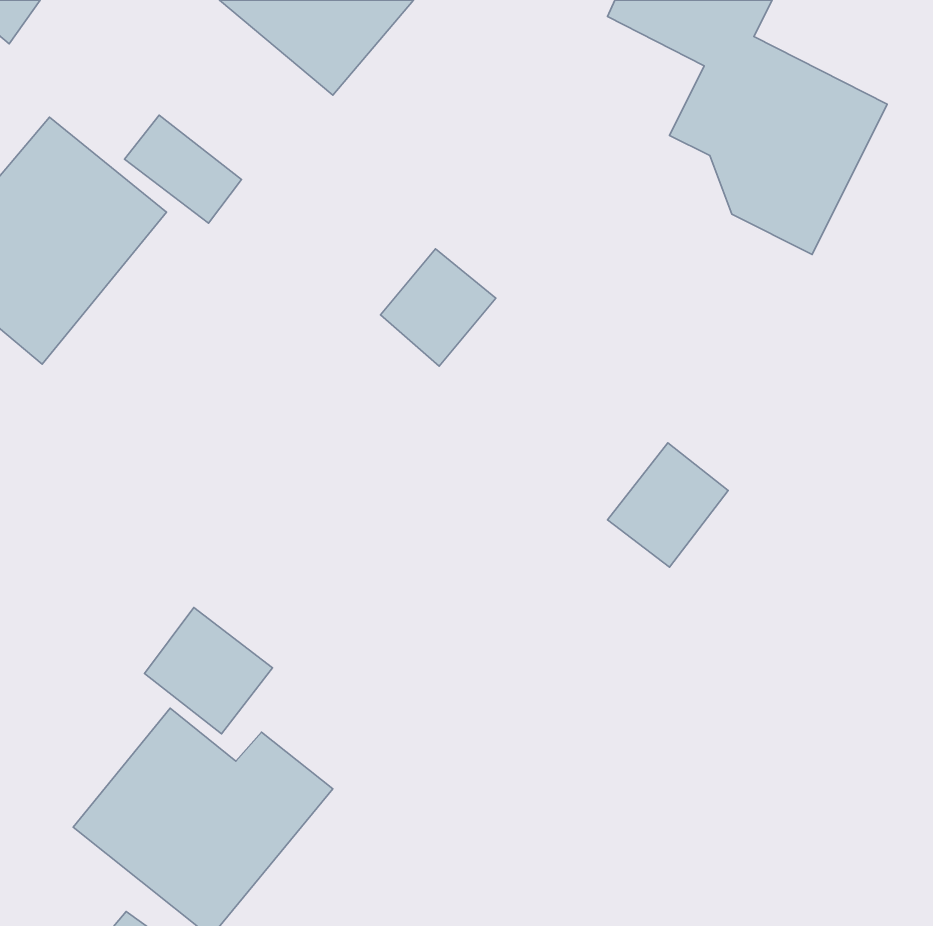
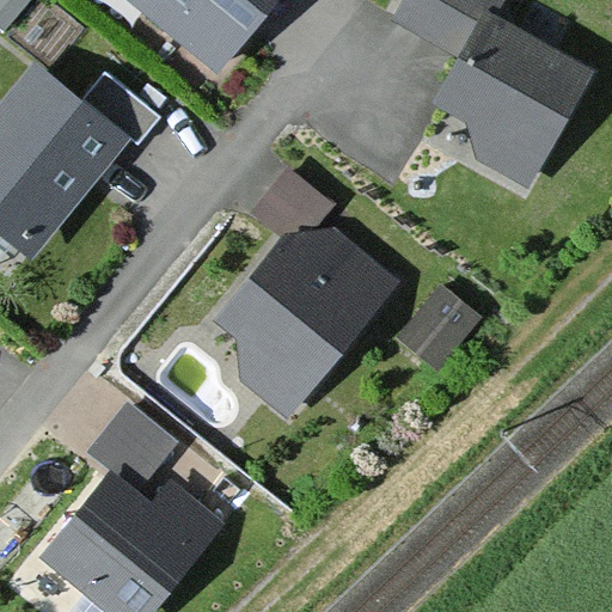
building: none -> [233,222,391,406]

